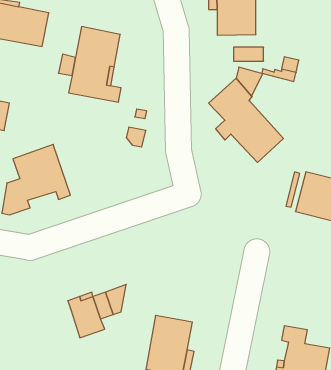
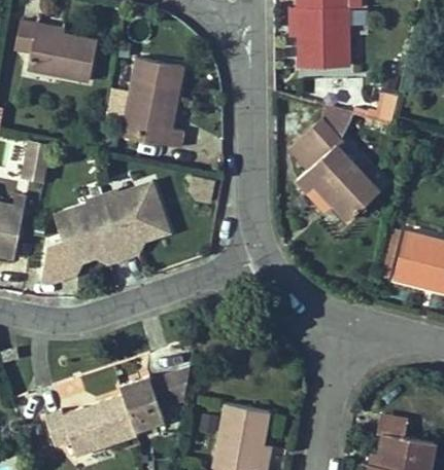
building: none -> [103,182,171,259]
building: none -> [45,395,137,456]

